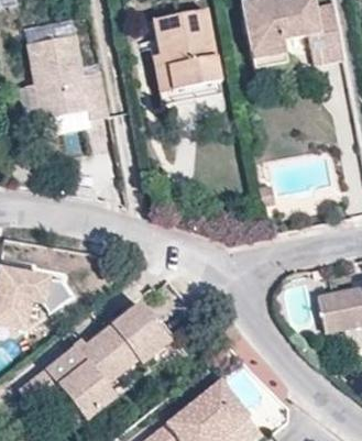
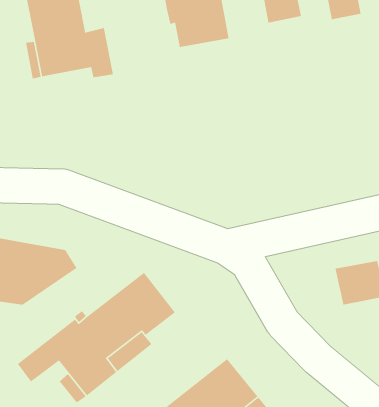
building: [154,53,222,101] -> none

